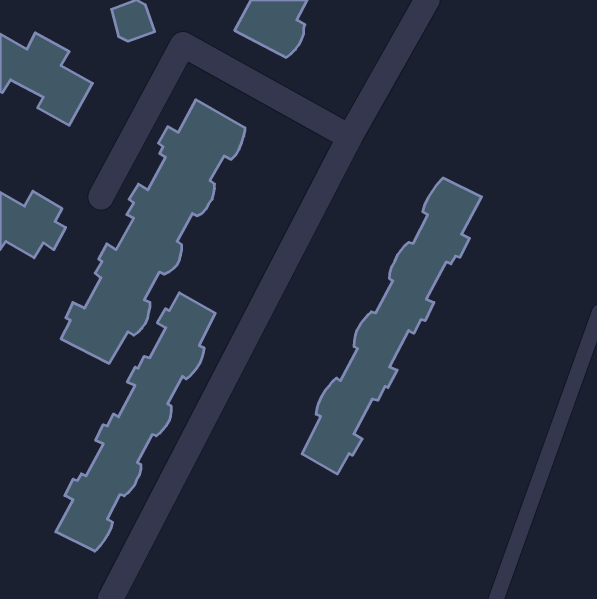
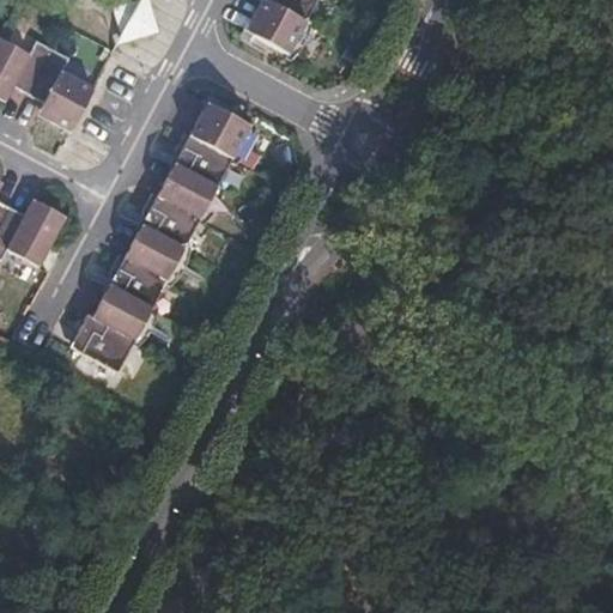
building: [302,178,482,474] -> none
building: [56,293,215,551] -> none

